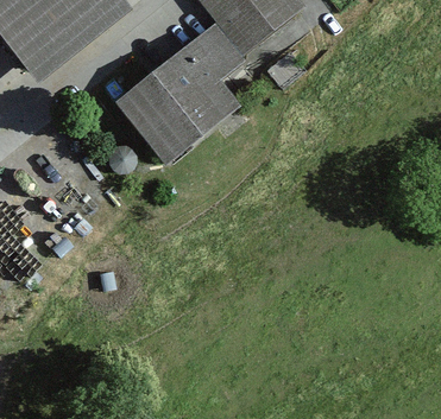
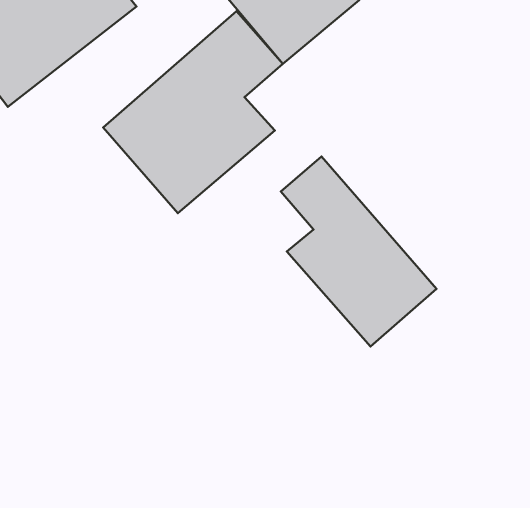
building: none -> [281,156,437,346]

